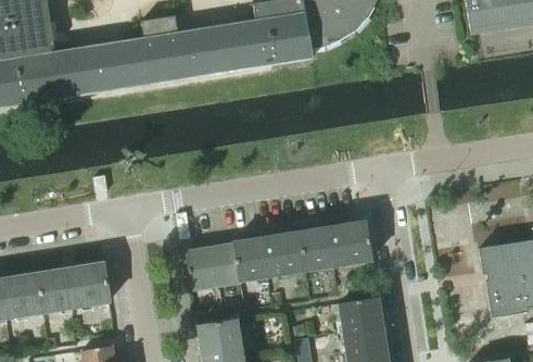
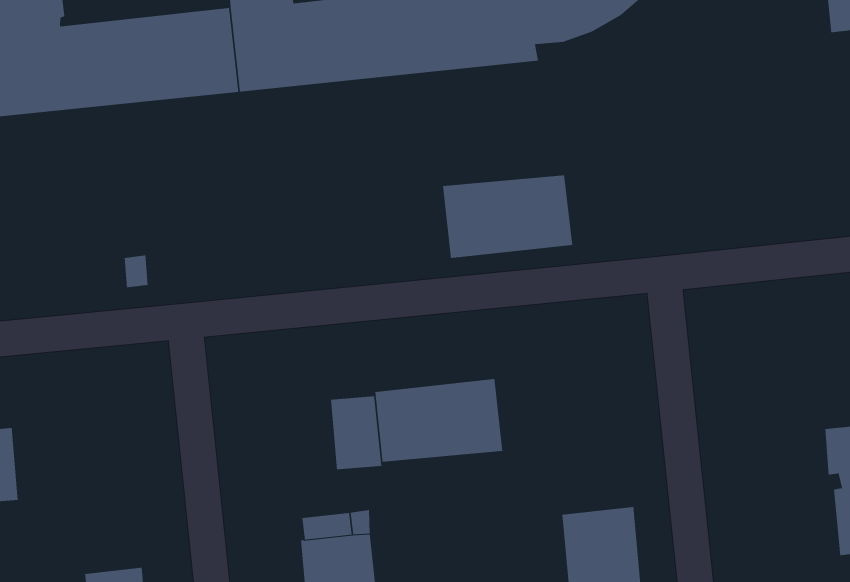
building: [300,222,372,271] -> [442,175,573,258]
building: [187,248,216,290] -> none
building: [39,262,111,312] -> none

